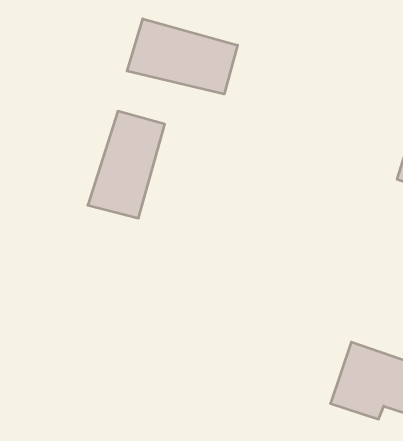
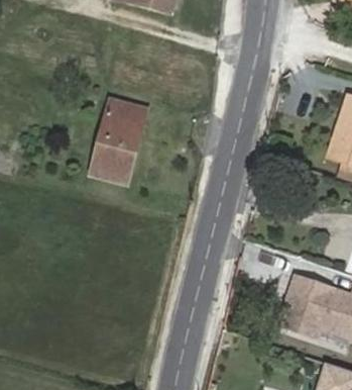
building: [127,19,238,94] -> none

